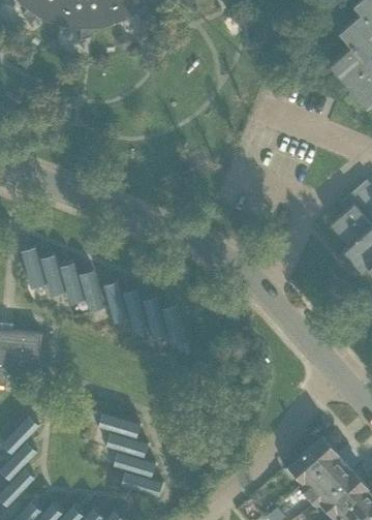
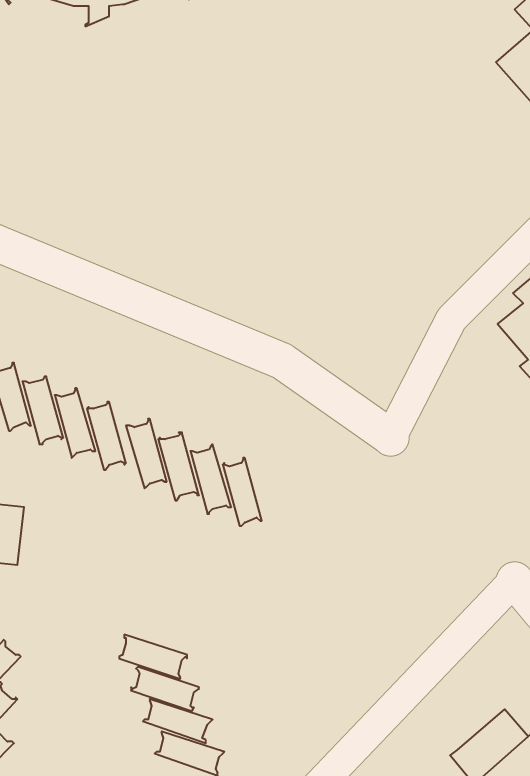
building: [284,435,337,482] -> none

